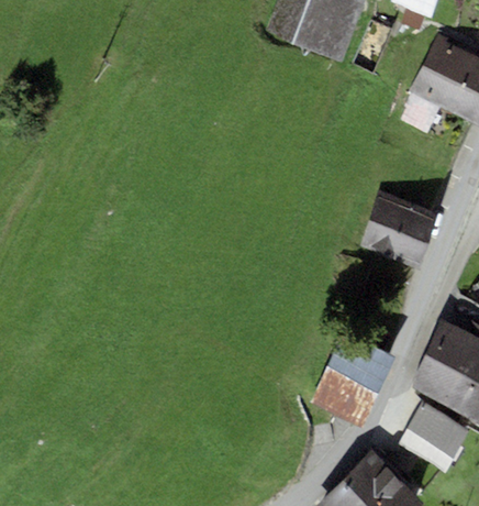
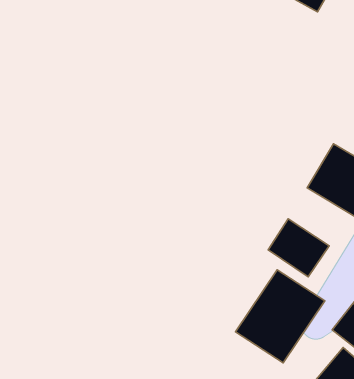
building: none -> [268,219,329,277]

